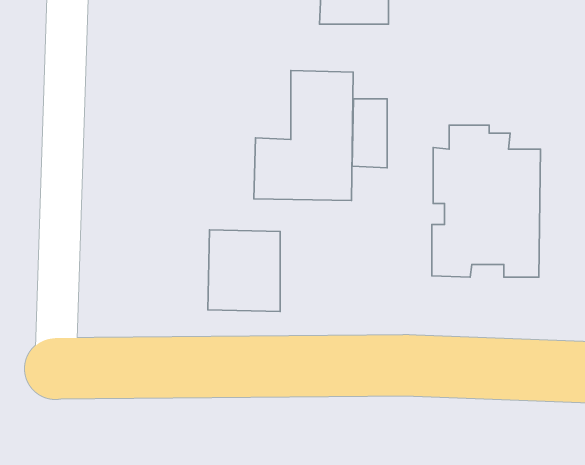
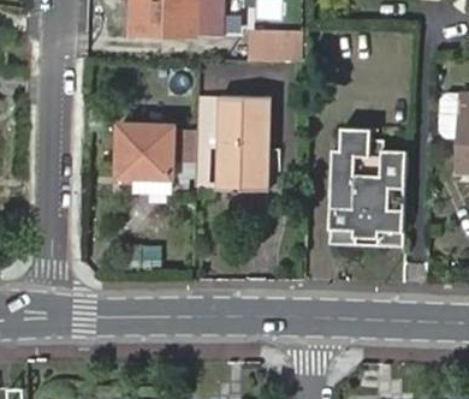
building: [352,99,387,168] -> [198,93,225,144]
building: [208,230,280,312] -> [115,123,170,184]

